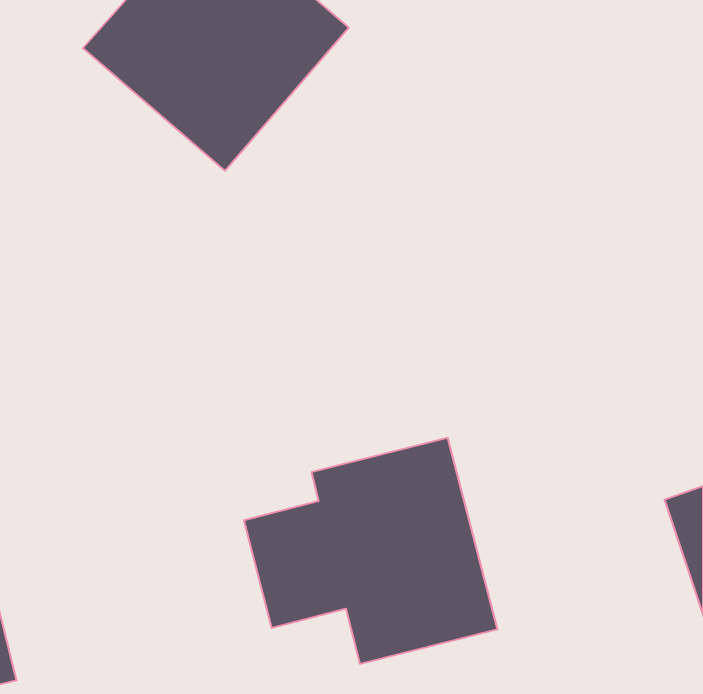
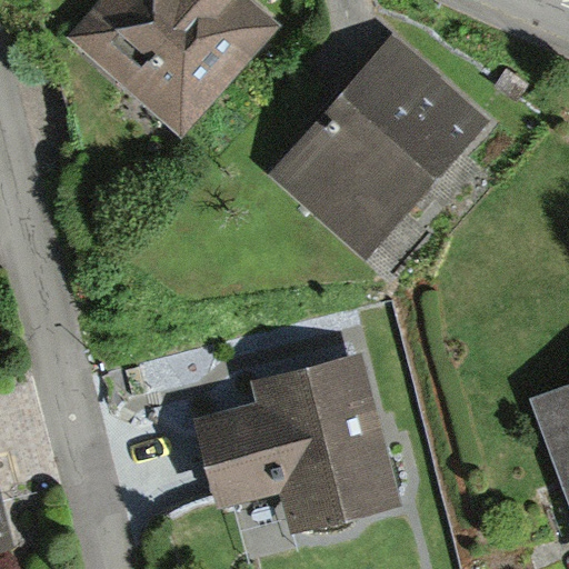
building: none -> [279,44,480,251]

